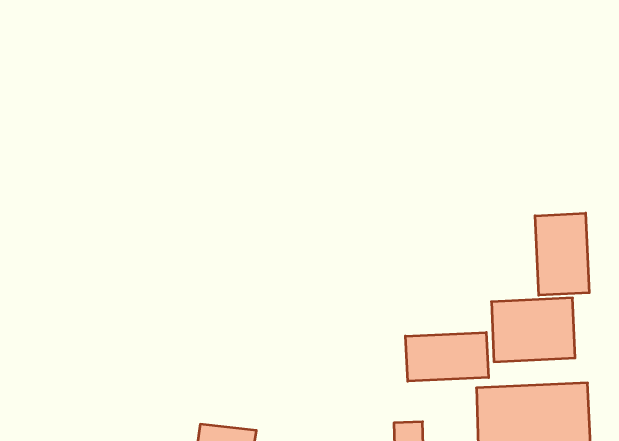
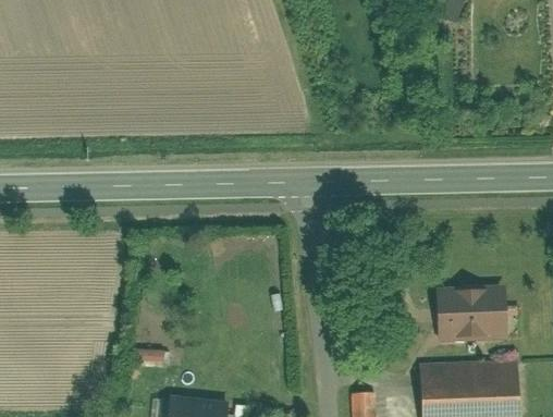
building: [535,213,589,295] -> none
building: [405,332,489,381] -> none

